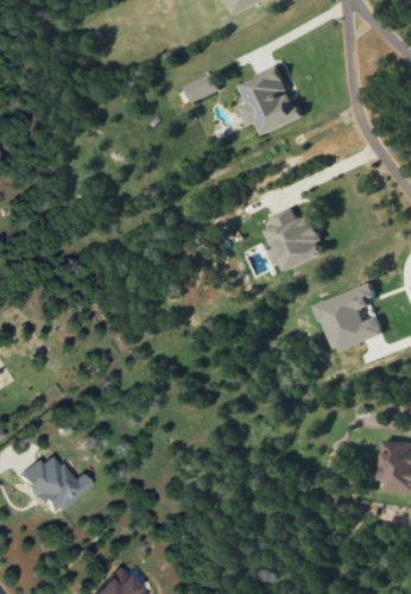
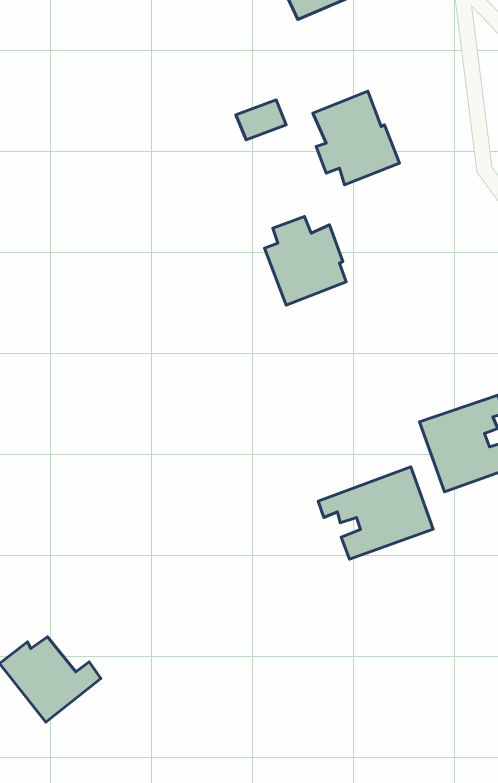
building: [264,208,322,271] -> [264,217,346,305]
building: none -> [318,467,433,559]

